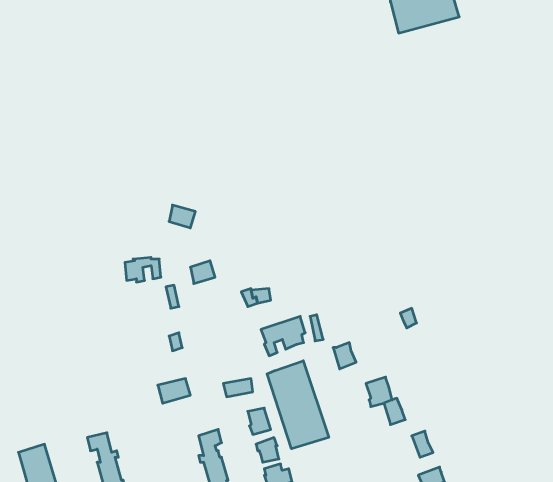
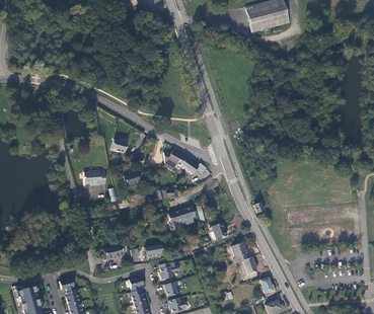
building: none -> [163,151,206,178]
building: [267,361,329,449] -> none

